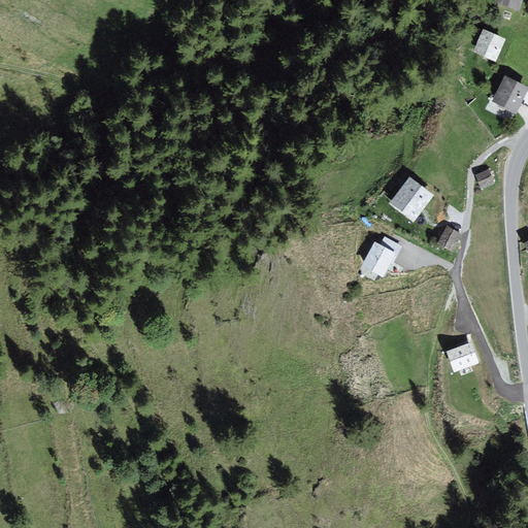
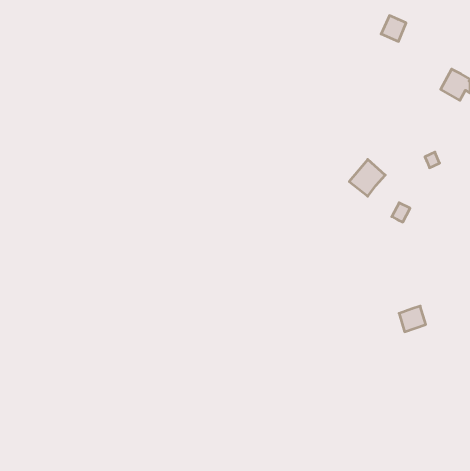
building: [474,30,502,59] -> [381,16,406,41]
building: [363,242,393,274] -> none

